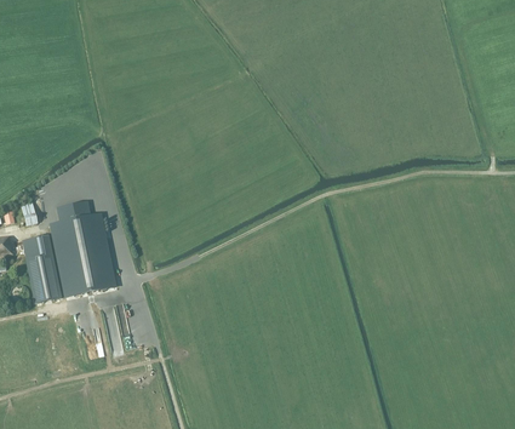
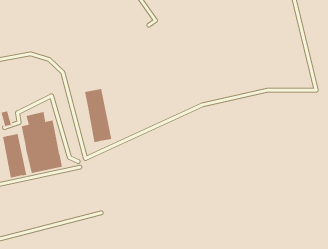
building: none -> [84,88,112,143]

